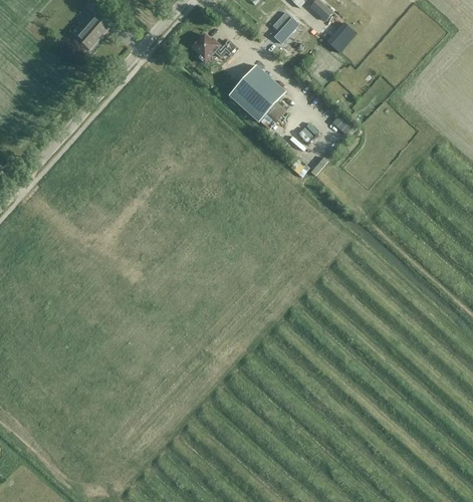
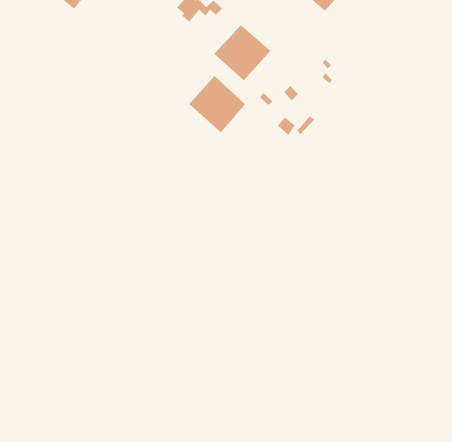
building: none -> [188,75,246,133]

